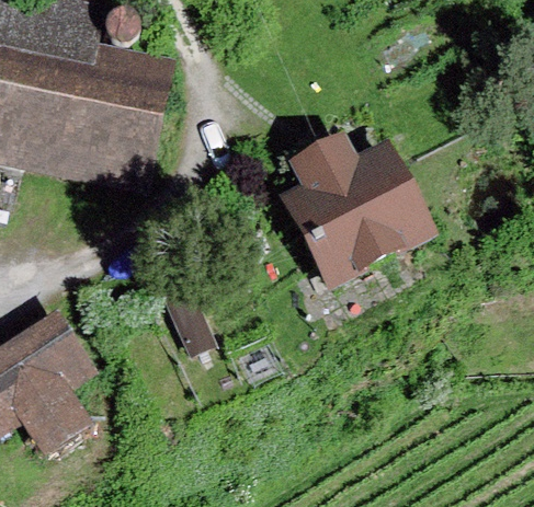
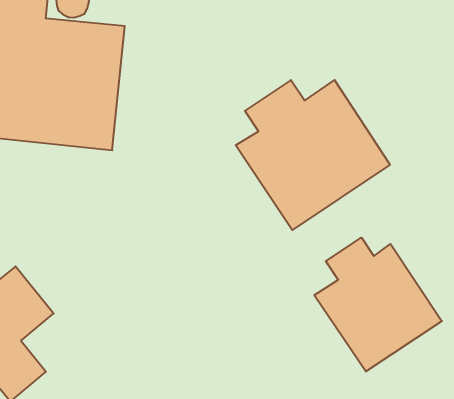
building: none -> [314,238,442,372]

